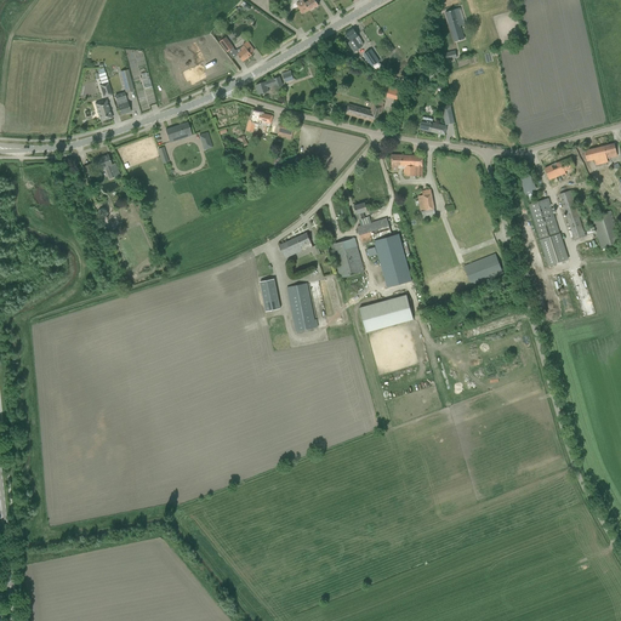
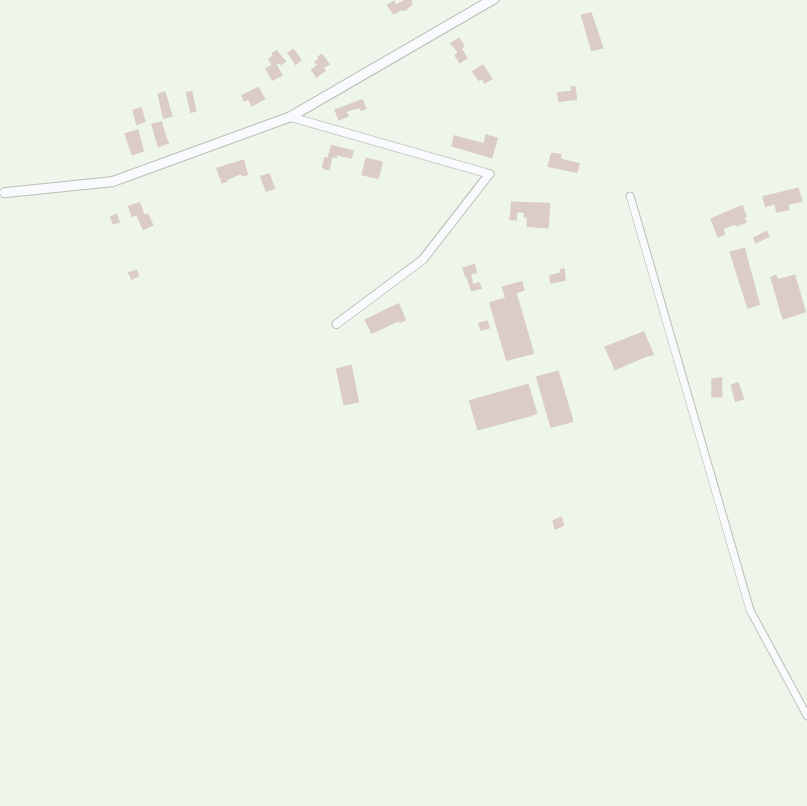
building: [529,198,568,264] -> none
building: [331,237,364,277] -> none
building: [286,283,315,330] -> none
building: none -> [535,369,574,429]

